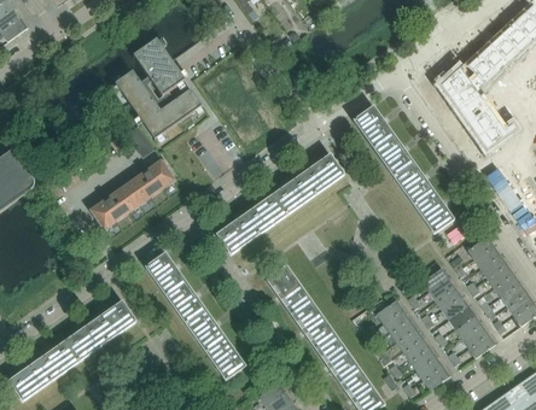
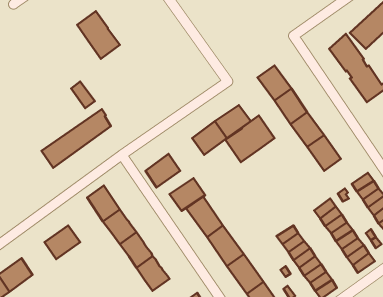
building: [115,71,202,139] -> none
building: none -> [225,115,275,162]
building: [244,194,287,234] -> [170,178,205,211]
building: [65,321,107,361] -> none

